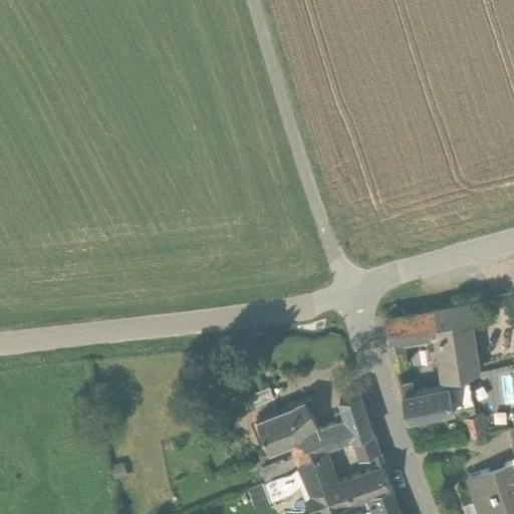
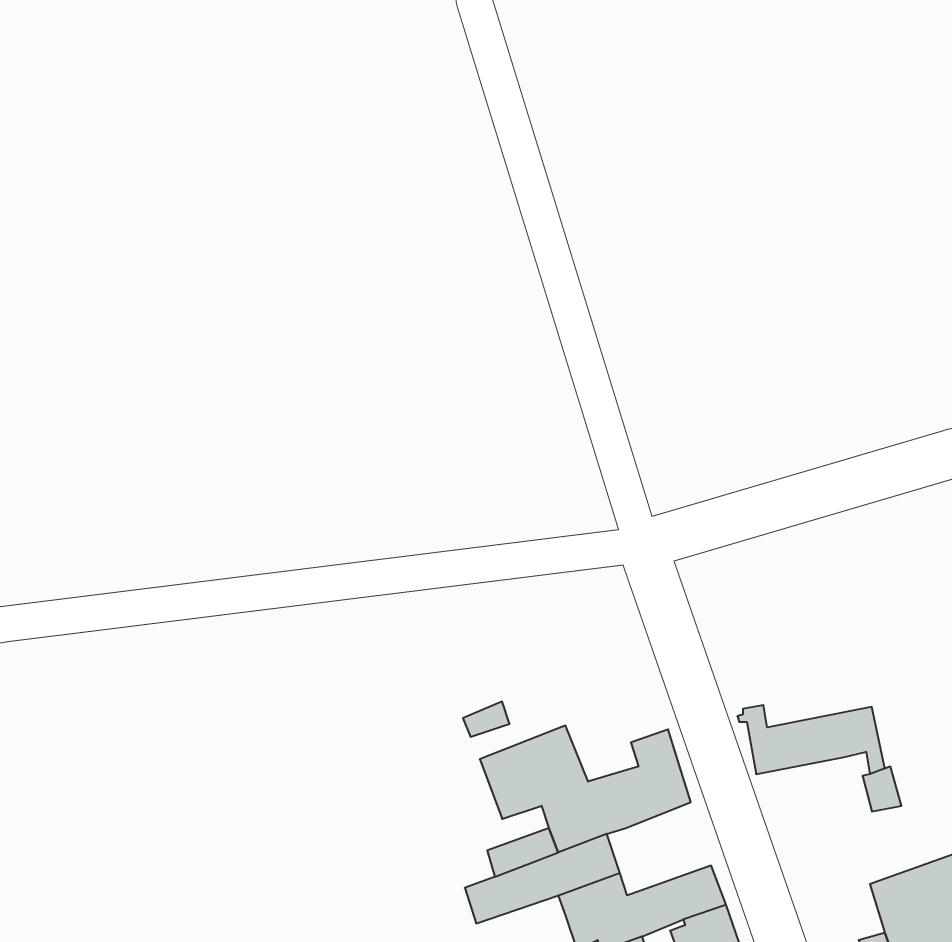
building: [386,309,479,386] -> none
building: [337,438,379,465] -> none

